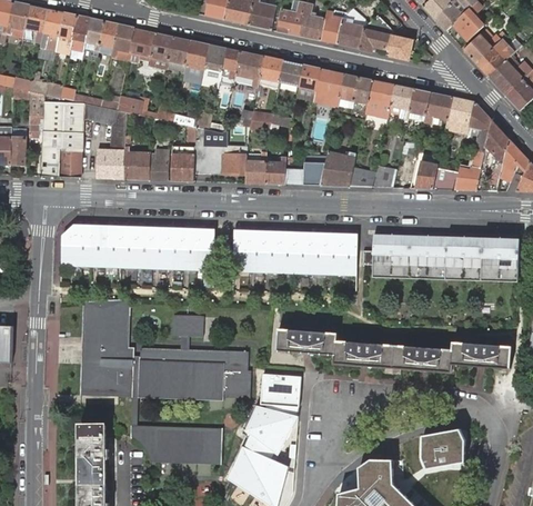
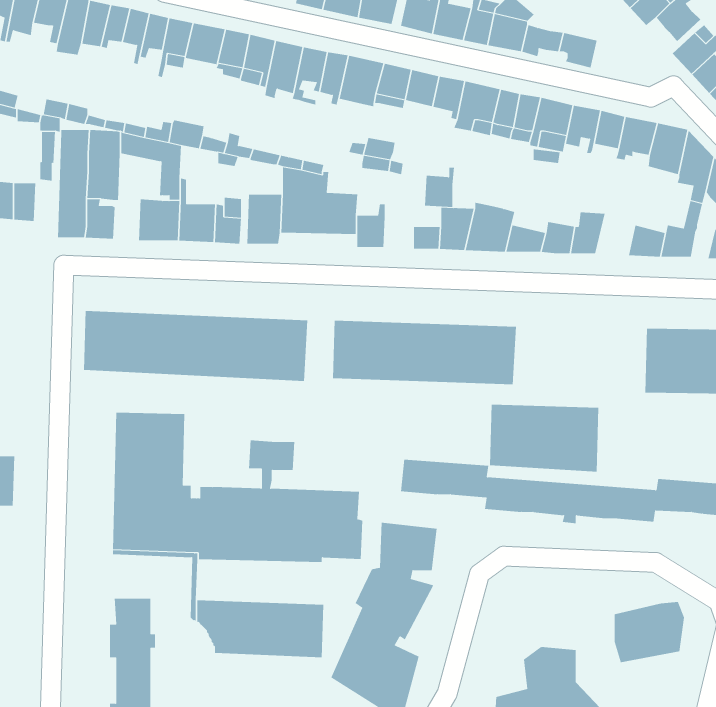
building: [414,155,439,188] -> none
building: [265,156,286,183] -> [424,167,455,208]
building: [370,236,445,282] -> [489,404,599,472]

